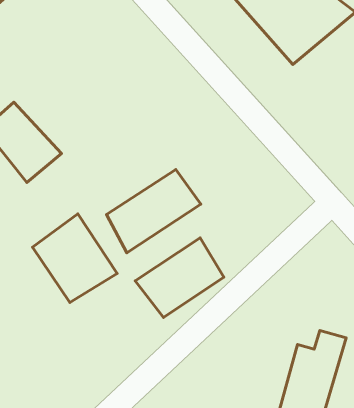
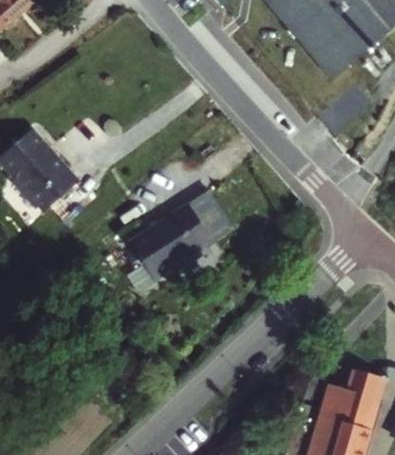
building: [33,214,117,303] -> none
building: [135,238,224,318] -> none

